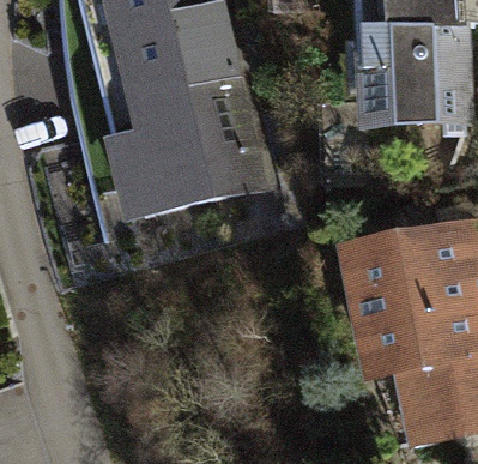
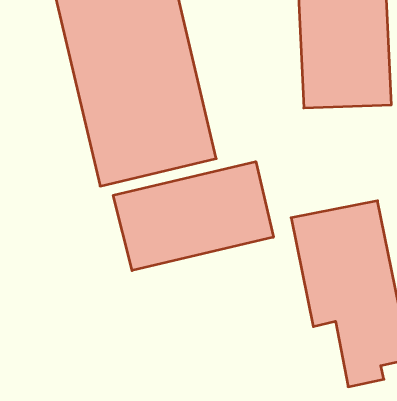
building: none -> [113,162,273,271]

